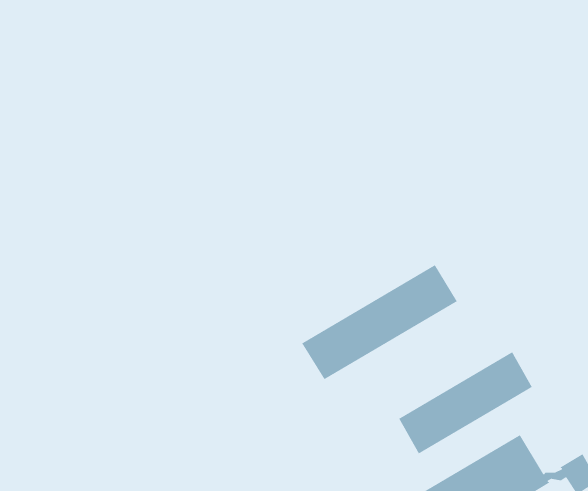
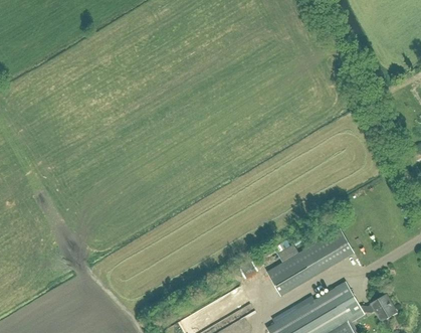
building: [301,264,458,380] -> none

